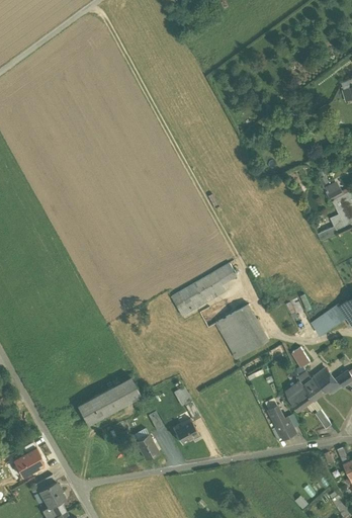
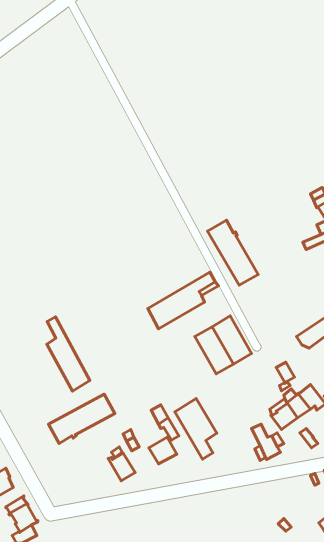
building: none -> [208,220,258,285]
building: none -> [47,317,90,391]
building: none -> [175,398,217,459]

